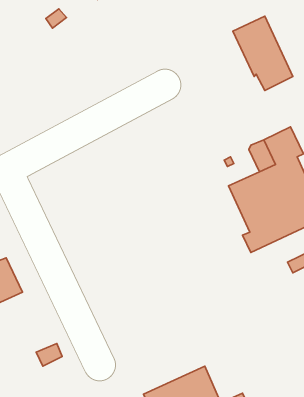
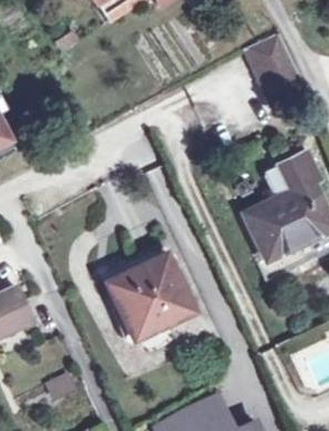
building: none -> [107,244,190,335]

